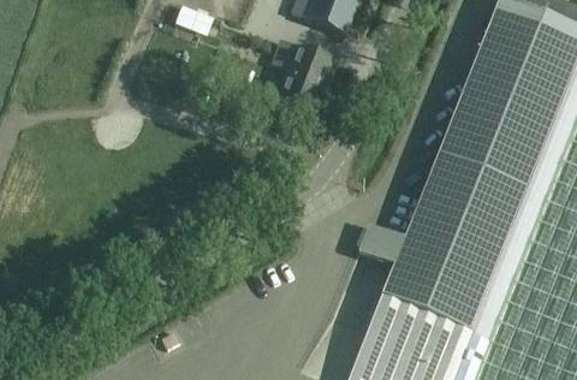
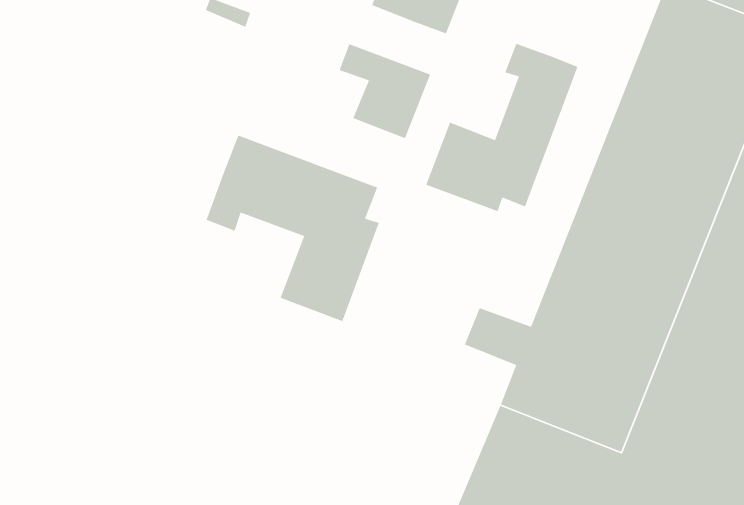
building: none -> [425,43,579,212]
building: none -> [206,135,380,322]

